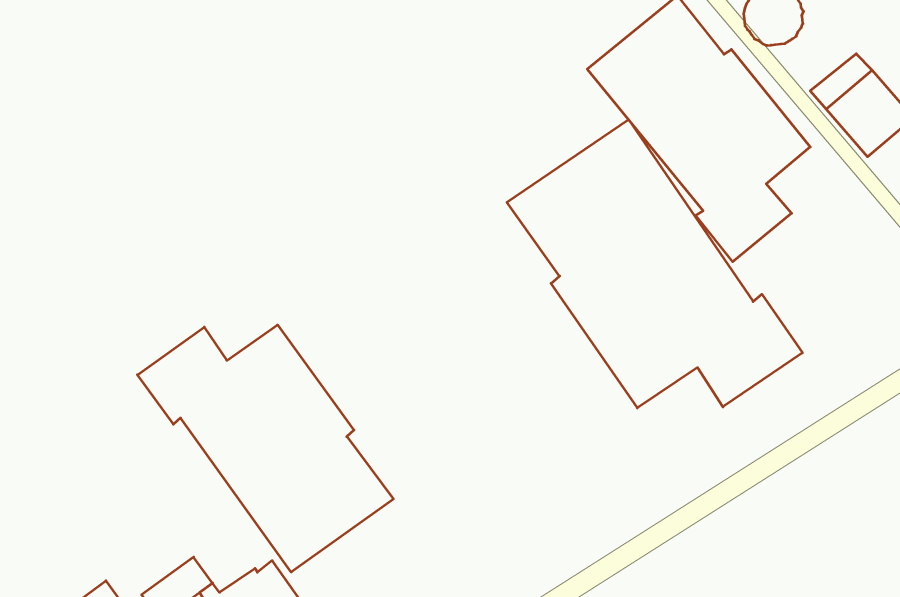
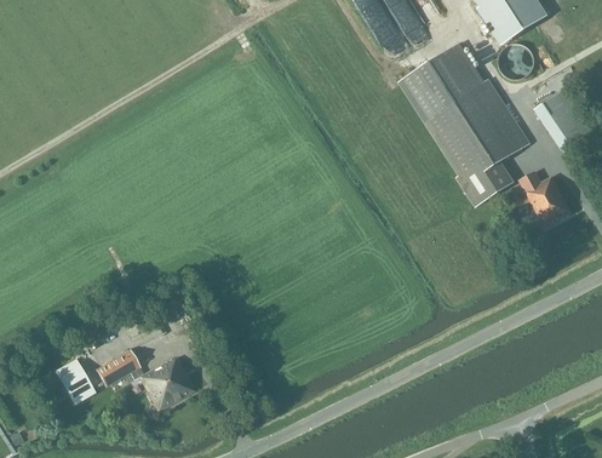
building: [507,119,802,408] -> none
building: none -> [520,171,571,227]
building: [137,325,393,572] -> none

